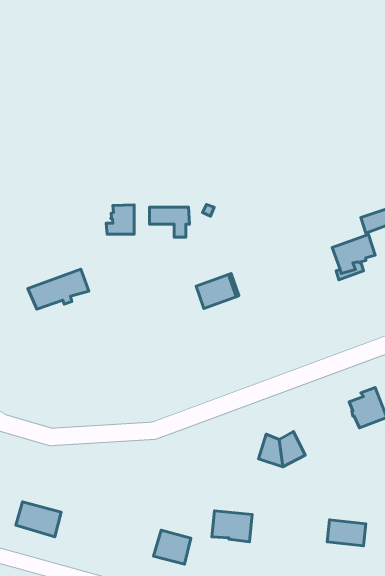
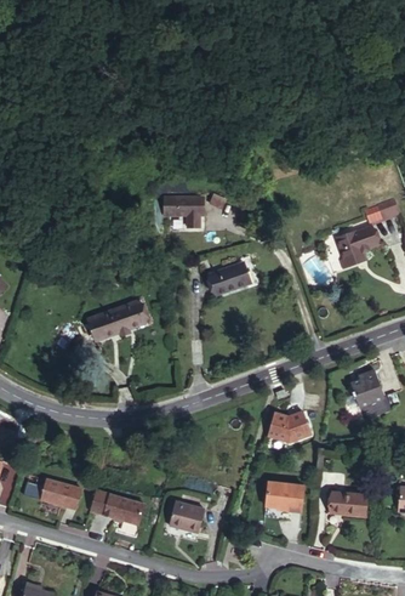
building: [106,205,134,234] -> none
building: [28,269,89,309] -> [87,303,144,341]
building: [212,511,252,542] -> [268,481,306,510]
building: none -> [90,486,147,523]

